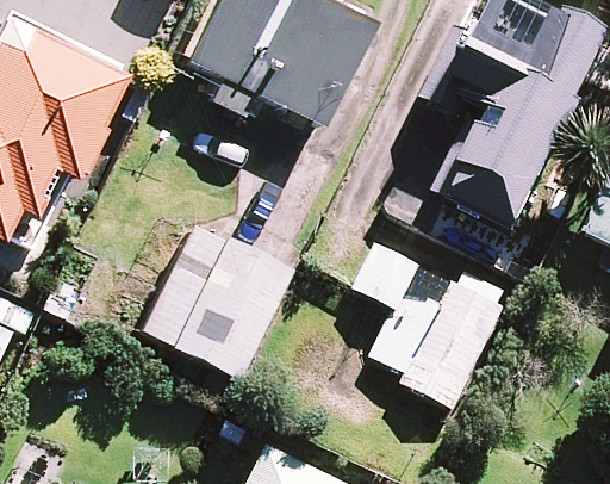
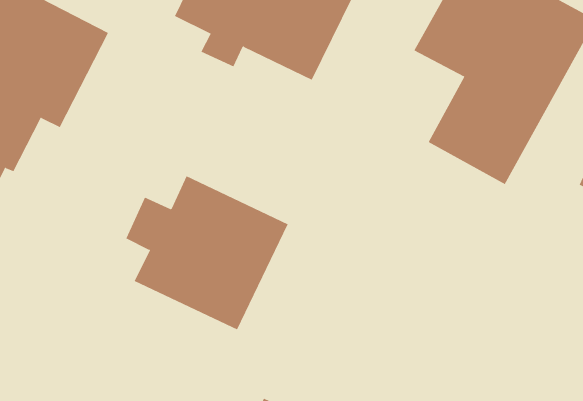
building: [357,246,500,405] -> none

